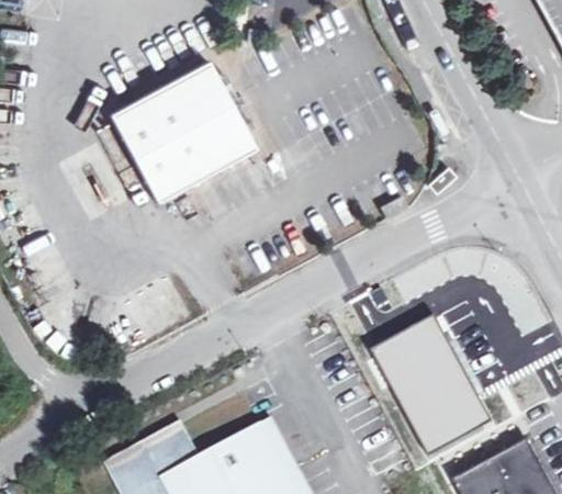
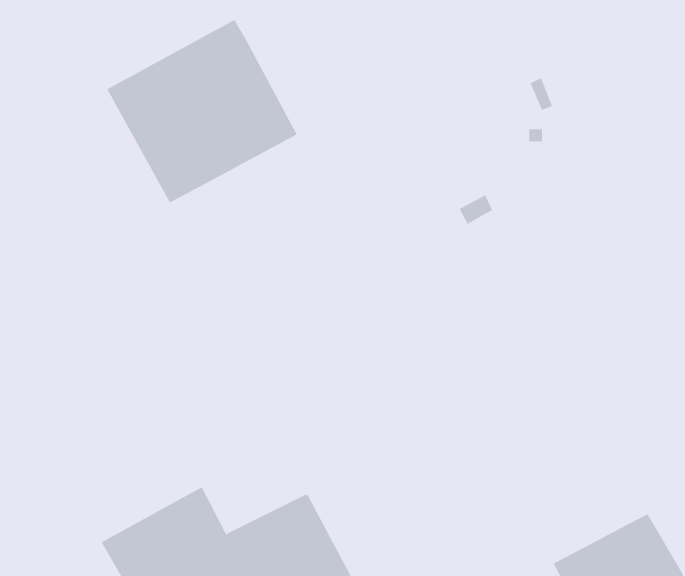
building: [375,319,493,456] -> none

